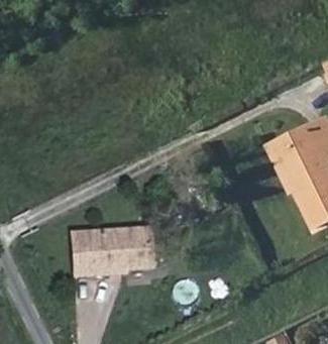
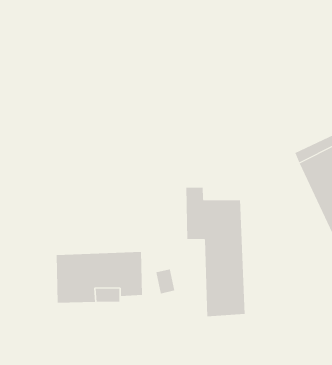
building: none -> [186,187,245,317]

